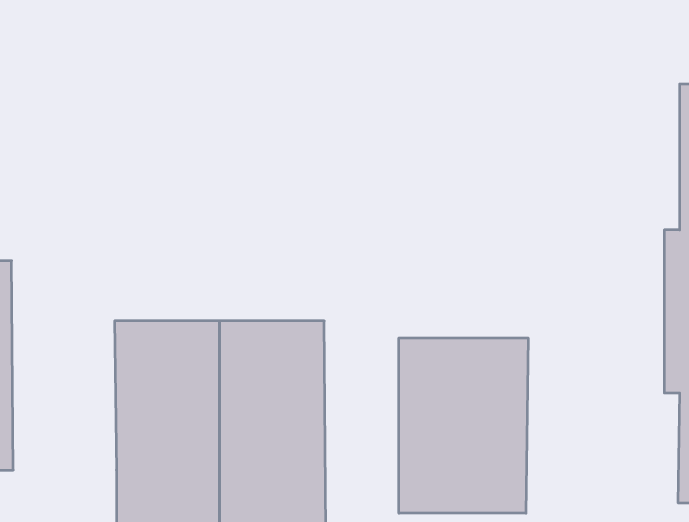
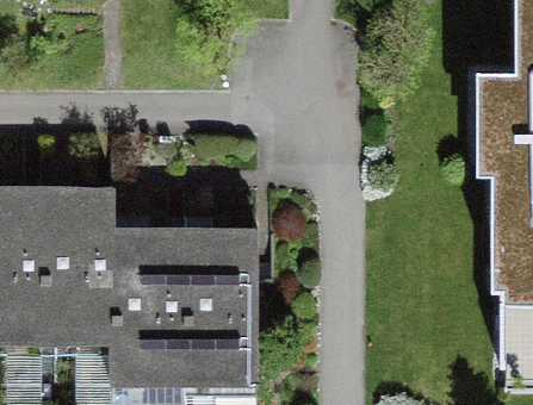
building: none -> [39,194,112,339]
building: [399,338,528,513] -> none

